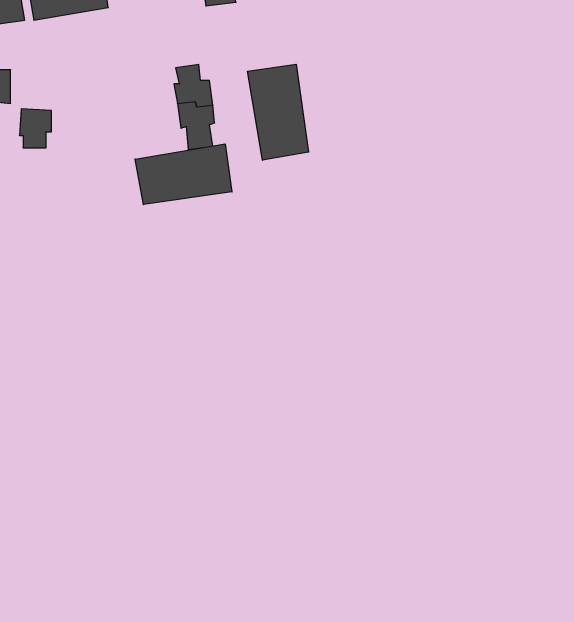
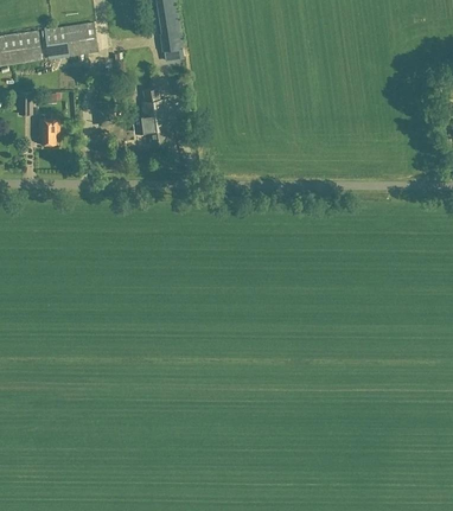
building: [248,64,309,160] -> none
building: [135,144,232,205] -> none

